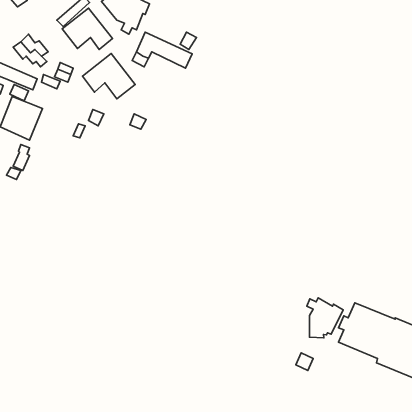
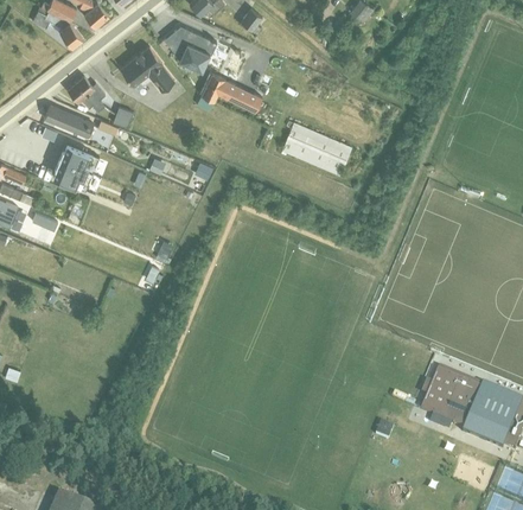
building: [82,54,135,99] -> none
building: none -> [280,121,351,174]
building: [307,298,343,338] -> none

